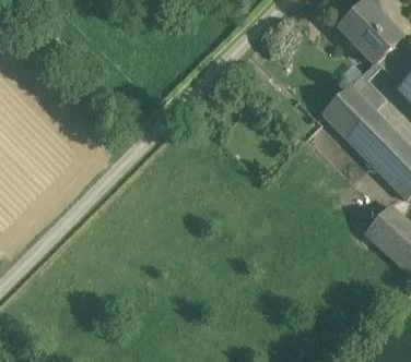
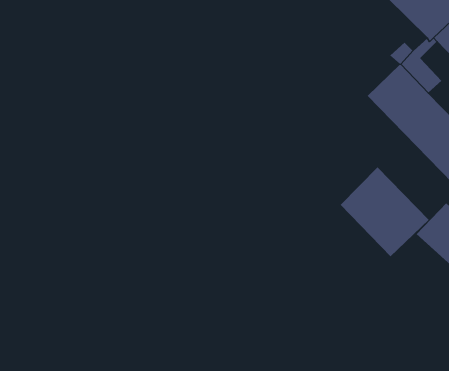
building: none -> [340,167,429,257]

